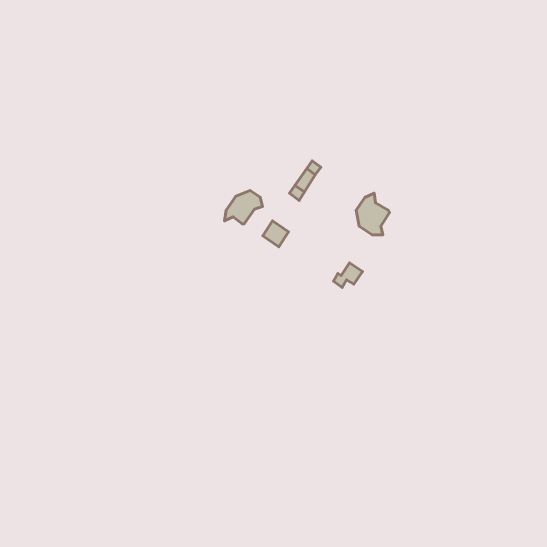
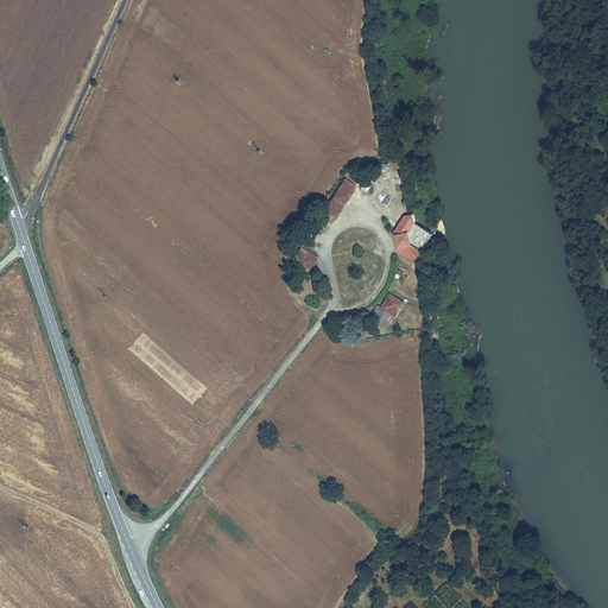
building: [225,191,262,224] -> none

